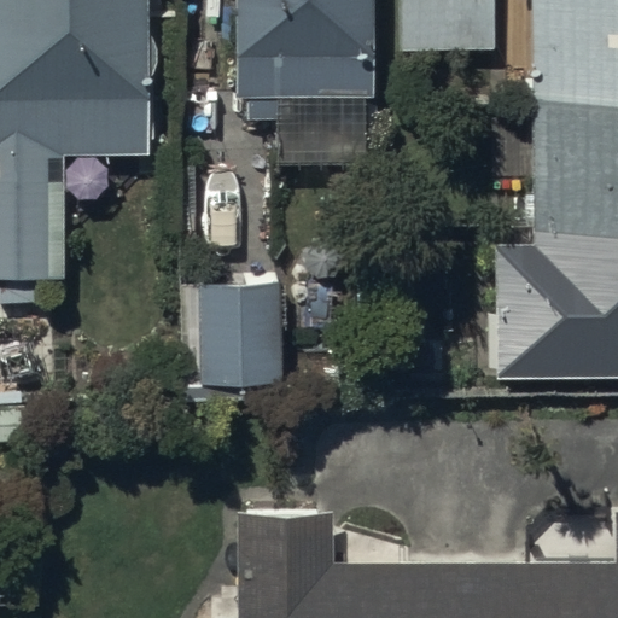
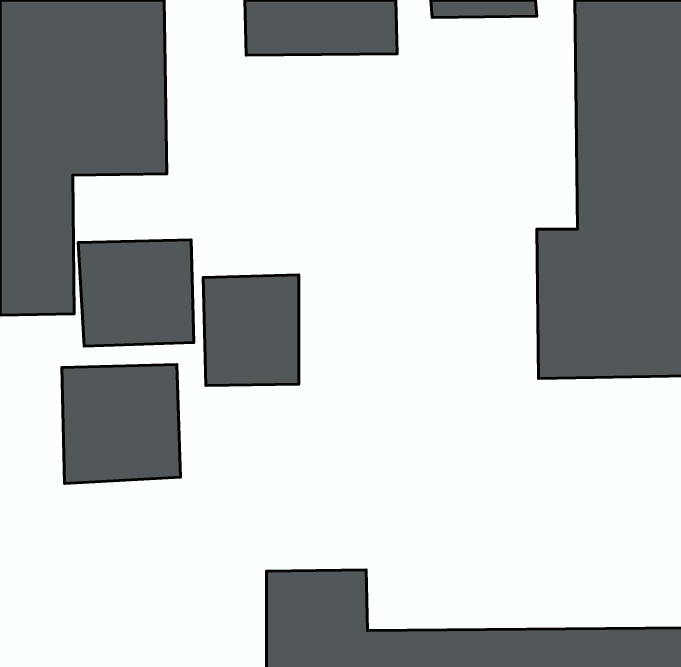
building: none -> [78,240,194,346]
building: none -> [62,364,181,483]

